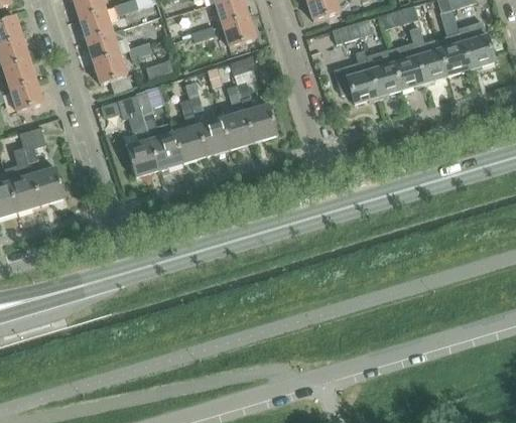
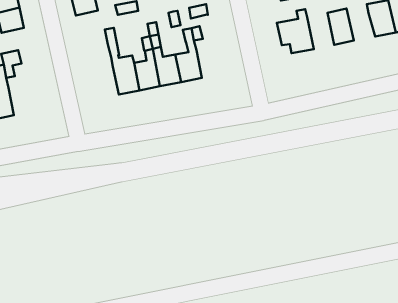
building: [412,38,448,82] -> none
building: [368,52,402,96] -> none
building: [105,96,159,176] -> none
building: [244,103,277,141] -> none
building: [31,166,64,204] -> none

